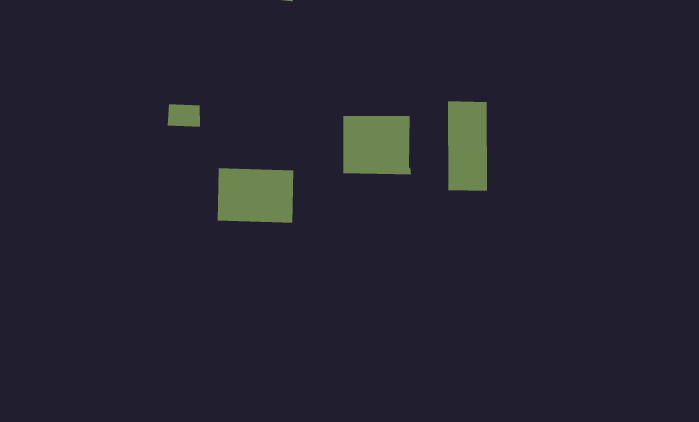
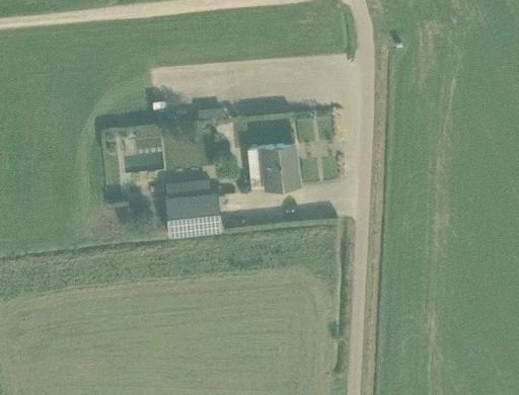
building: [448,101,488,192] -> none

